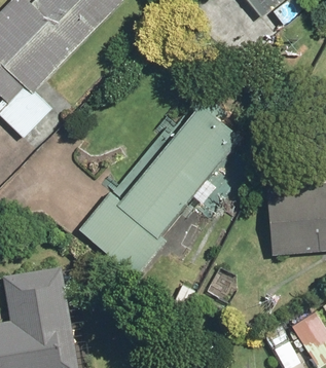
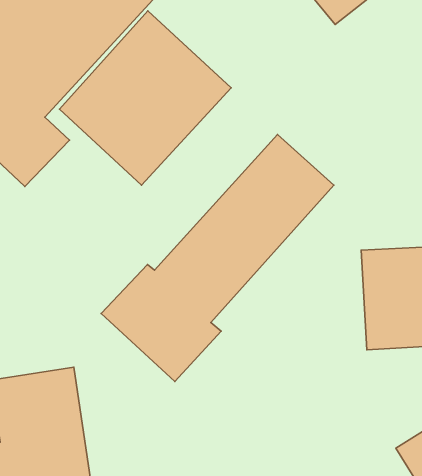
building: none -> [59,11,231,185]

